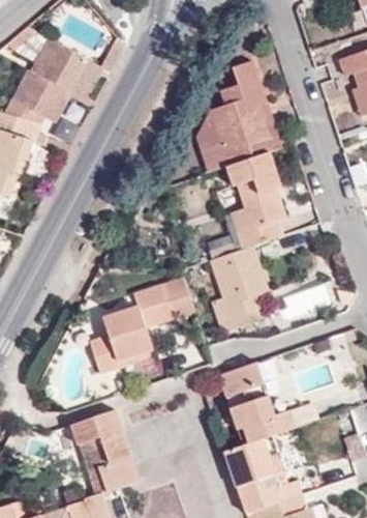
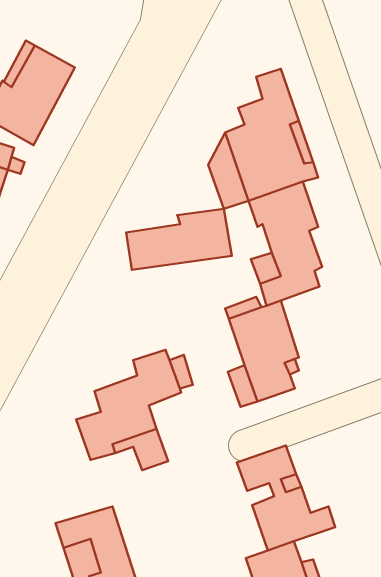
building: none -> [126,209,232,270]

